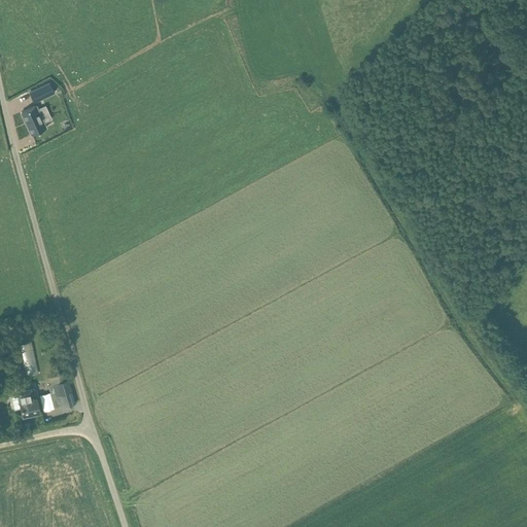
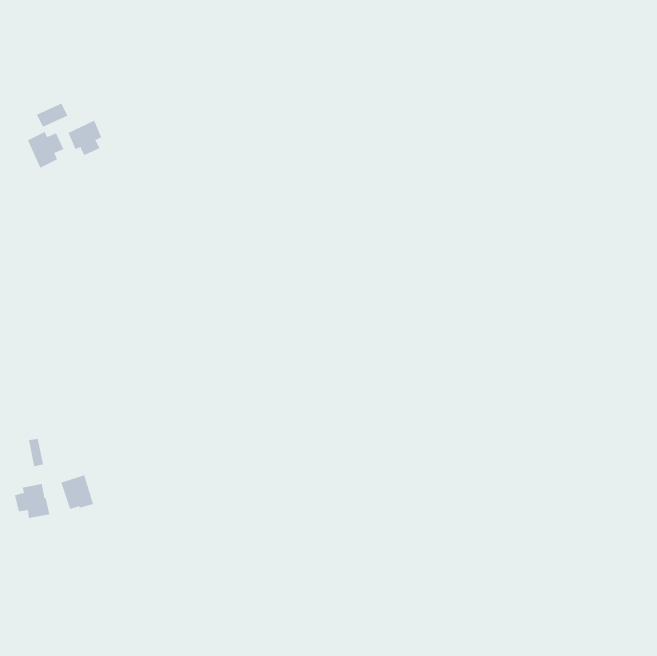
building: none -> [68,120,102,156]

